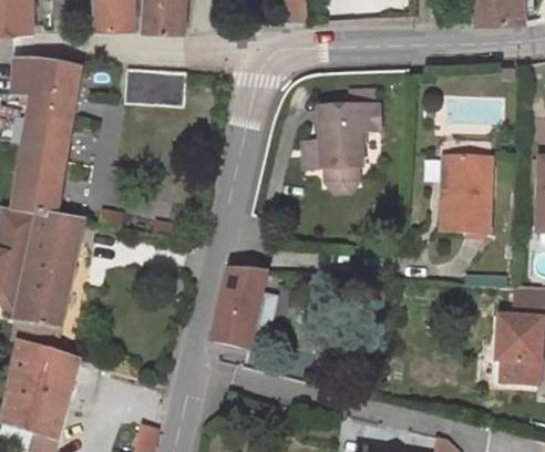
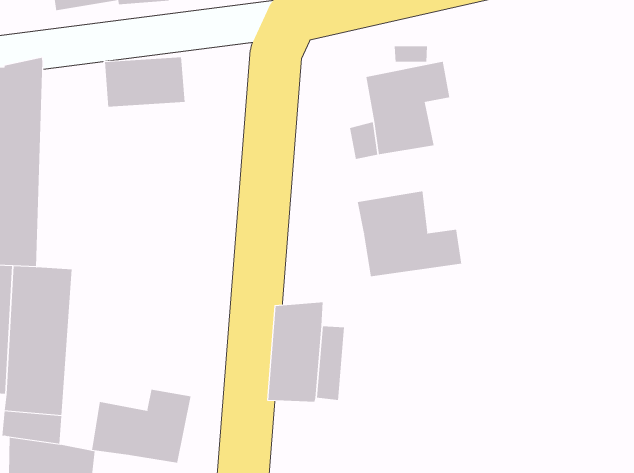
building: [442,157,492,230] -> none
building: none -> [357,191,462,277]
building: none -> [92,389,191,464]

